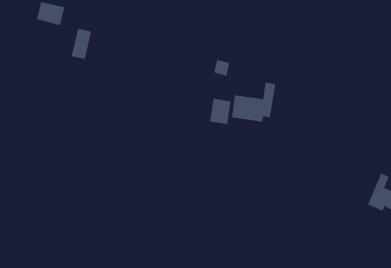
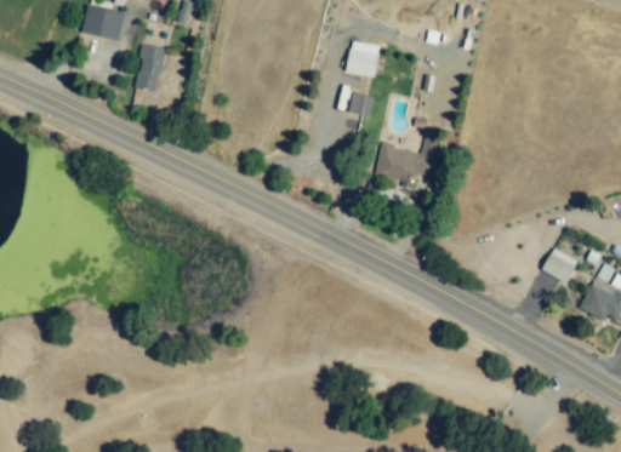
building: none -> [346,40,378,75]
building: [209,98,231,125] -> none
building: none -> [541,247,577,282]

